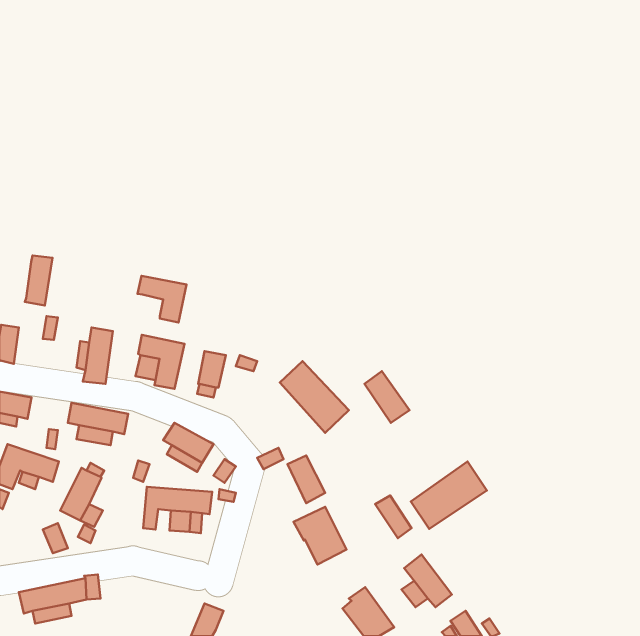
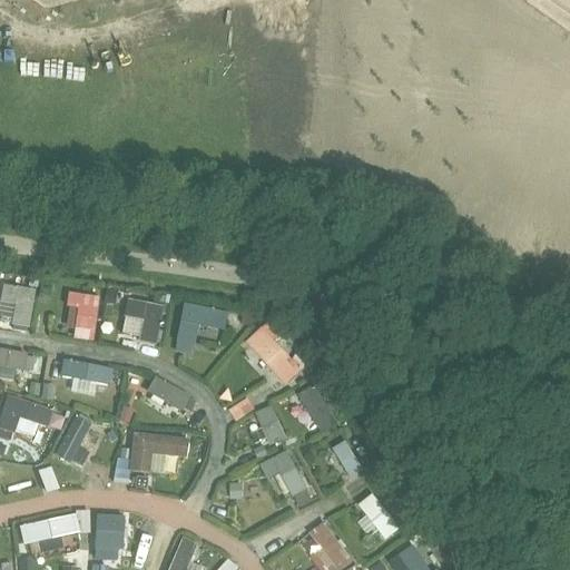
building: [25,255,52,306] -> [11,285,36,330]
building: [137,276,186,323] -> none
building: [364,371,410,423] -> [299,384,340,430]
building: [411,462,487,529] -> none
building: none -> [94,513,125,549]

